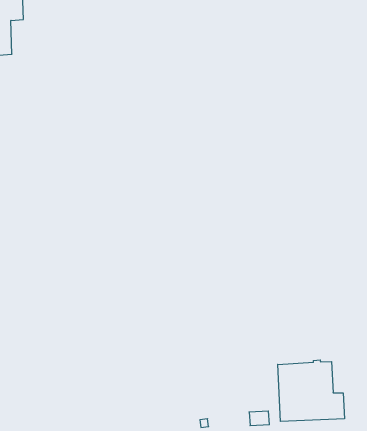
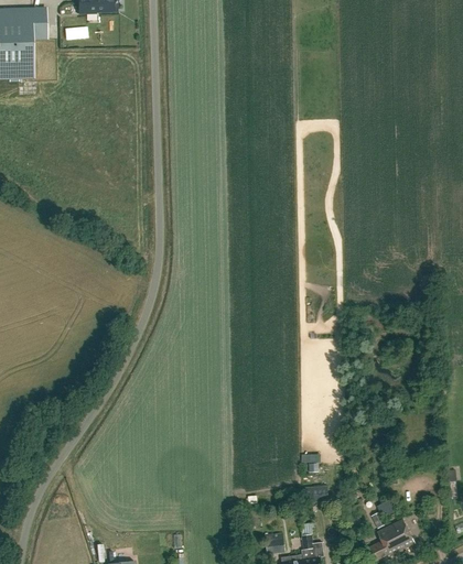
building: [278,360,344,421] -> none

